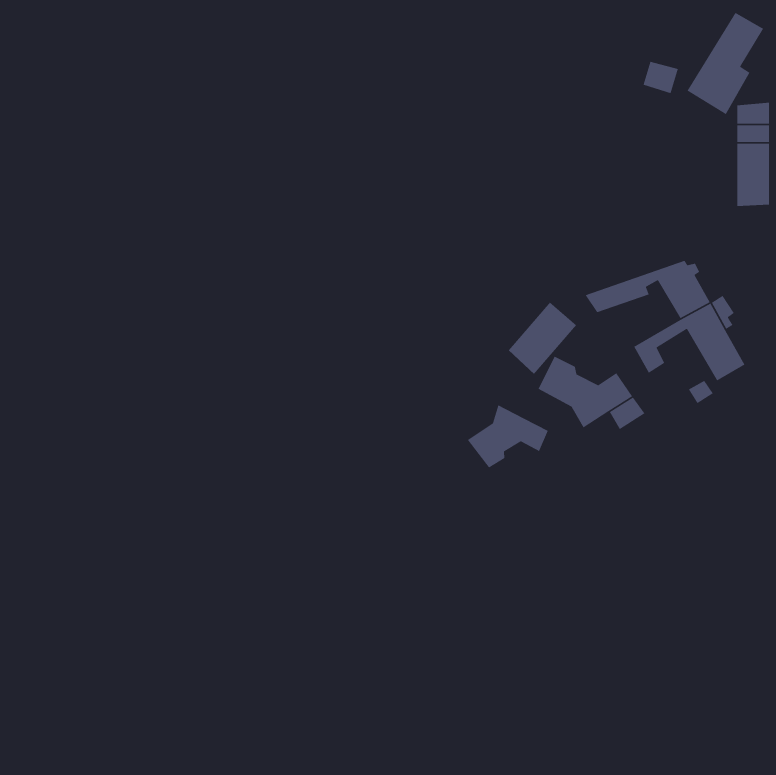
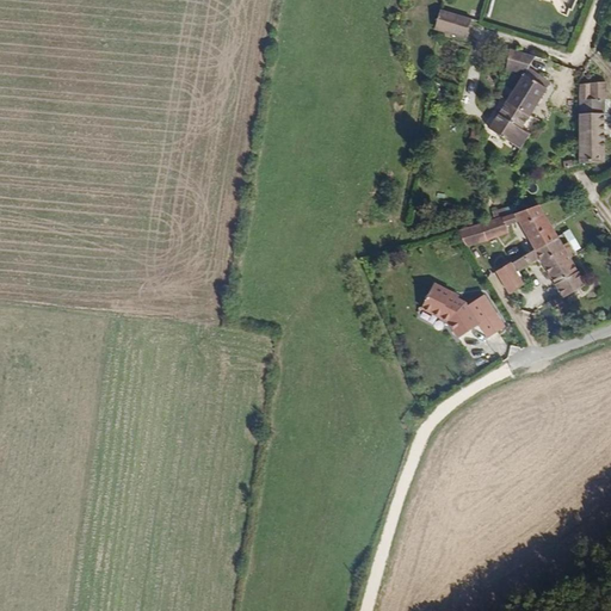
building: [687,12,764,115] -> [481,74,542,155]
building: none -> [427,11,464,39]
building: [508,302,577,375] -> none
building: [467,404,549,469] -> none

